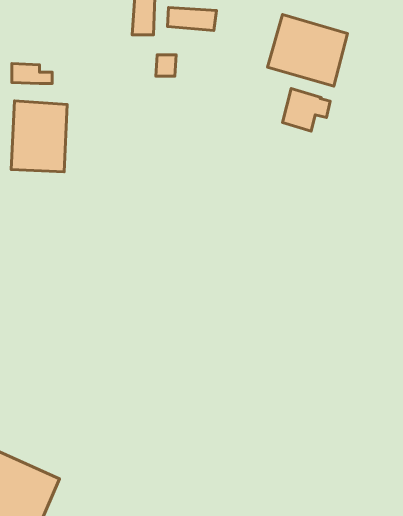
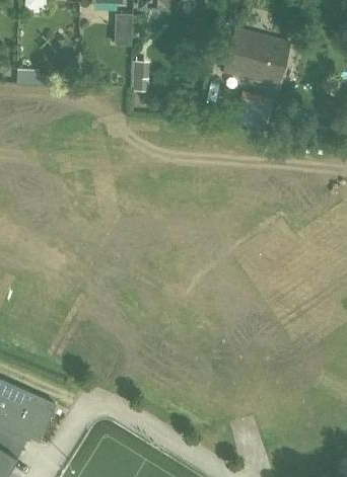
building: [167,8,217,30] -> none
building: [11,101,67,172] -> none

